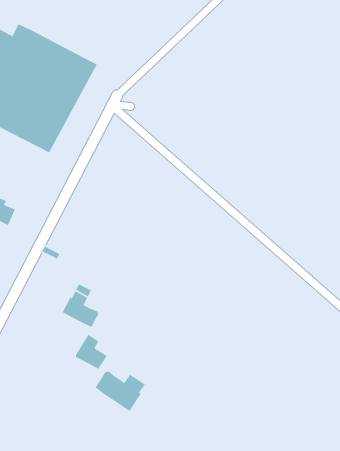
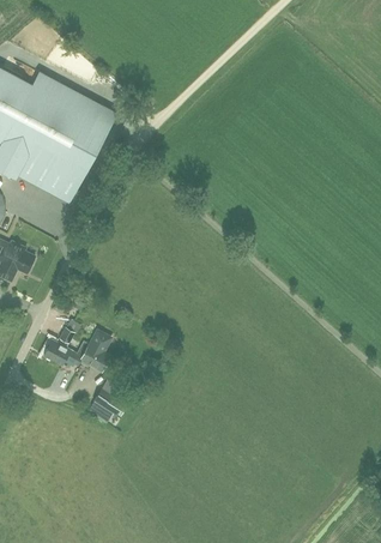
building: none -> [44,319,89,366]
building: [94,371,146,411] -> none

